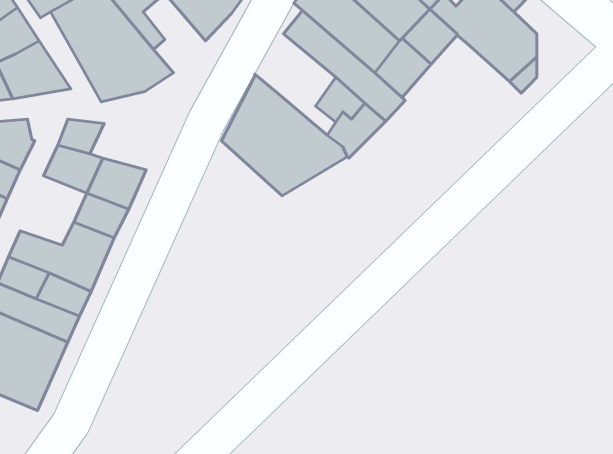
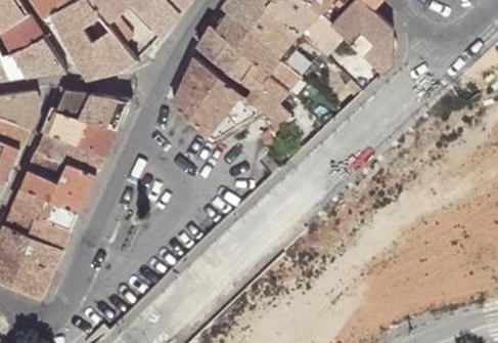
building: none -> [197,27,252,81]
building: none -> [78,93,130,126]
building: none -> [29,130,76,179]

